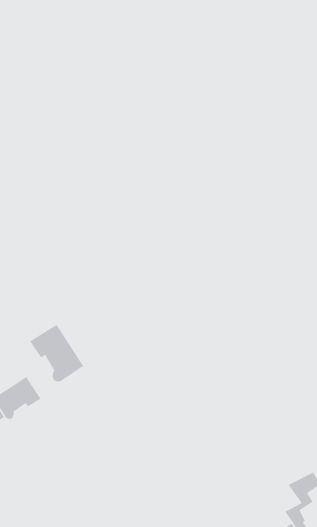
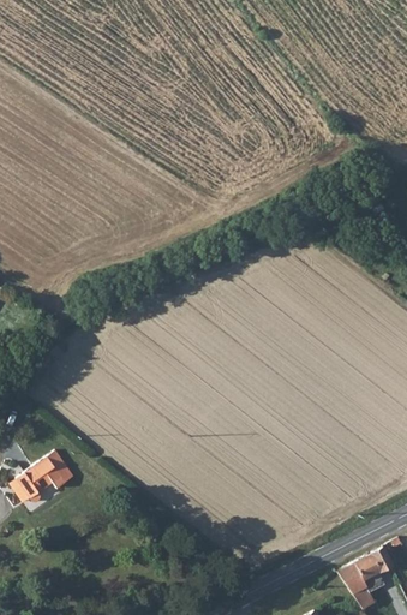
building: [29,324,84,382] -> none

